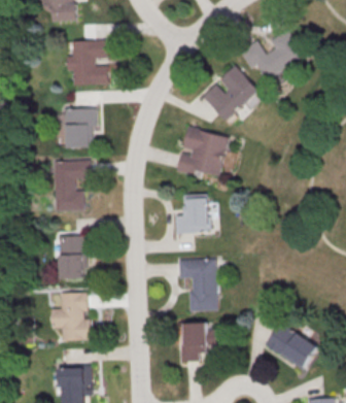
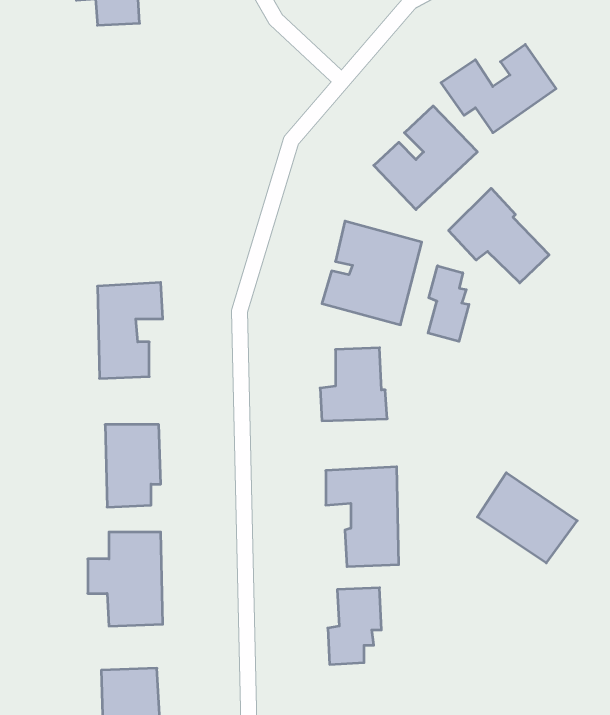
building: [67,39,107,85] -> none
building: [65,107,96,147] -> none
building: none -> [449,188,549,283]
building: none -> [428,266,469,341]
building: [265,321,318,369] -> [477,473,577,563]

